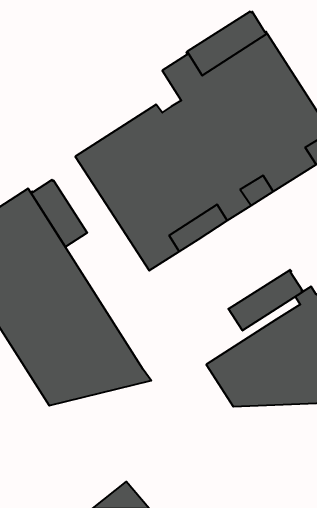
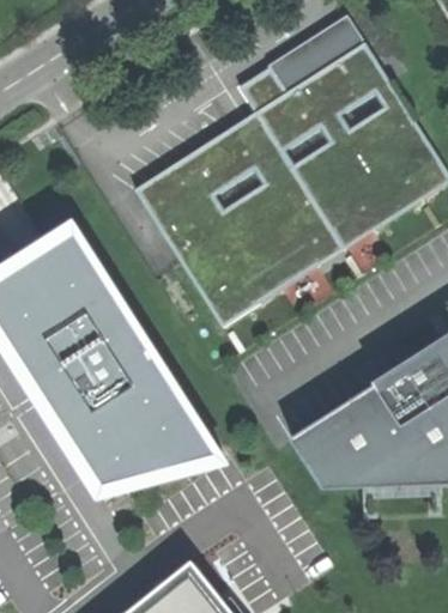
building: [31,180,87,247] -> none
building: [228,270,303,331] -> none

